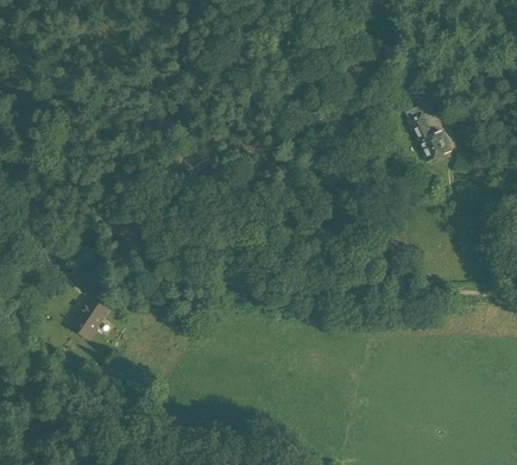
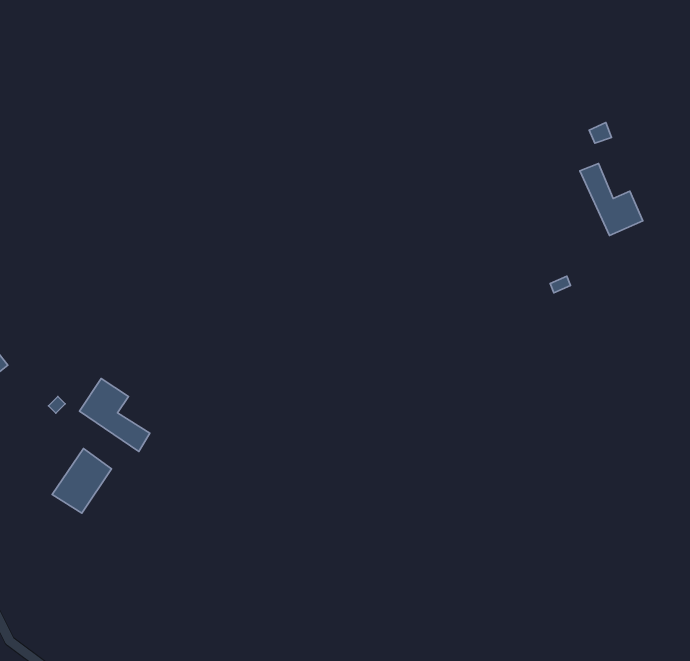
building: none -> [79,379,150,452]

